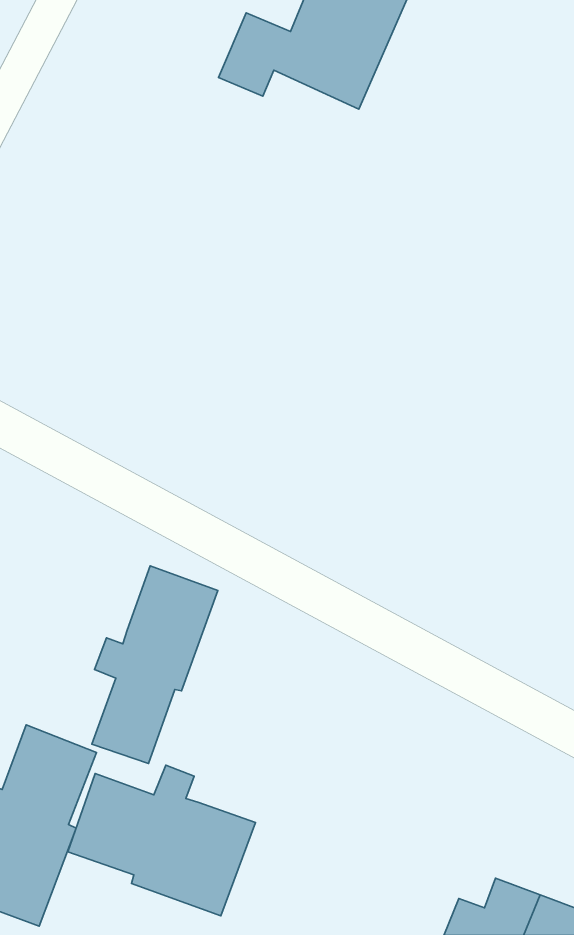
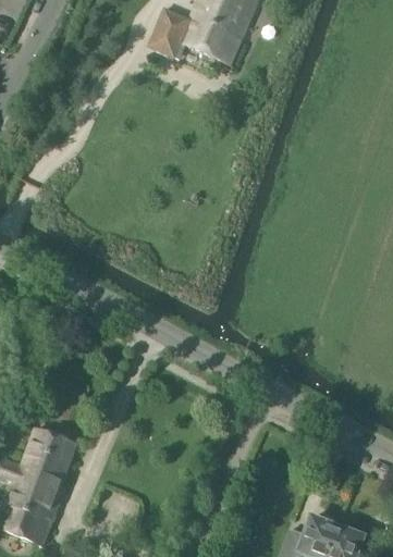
building: [92,566,218,763] -> none
building: [68,765,255,916] -> none

